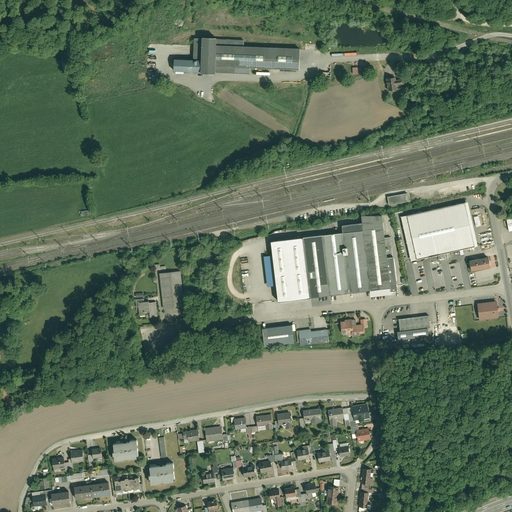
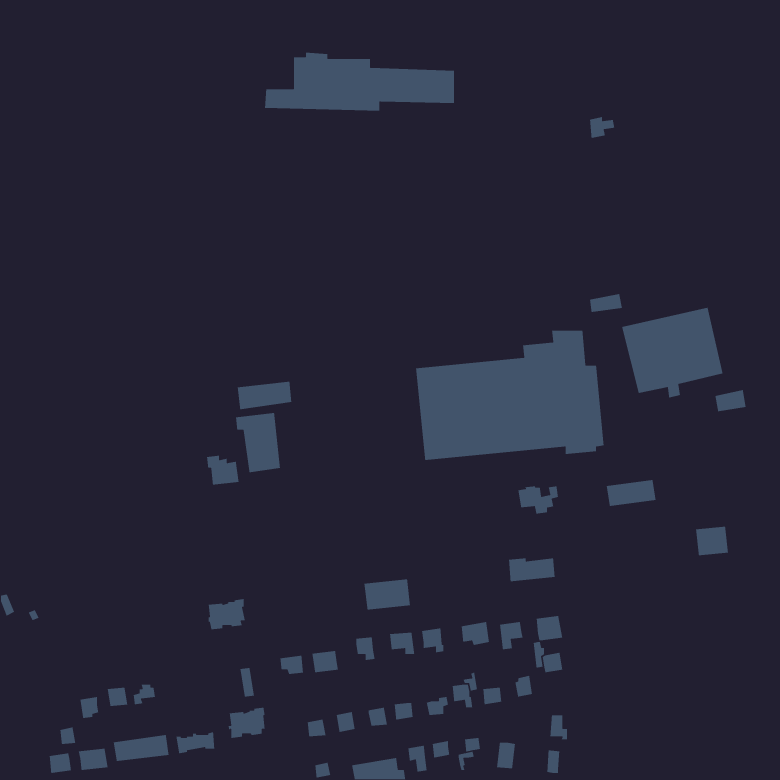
building: none -> [237,381,292,410]
building: [476,300,498,320] -> [695,526,729,556]
building: [263,327,294,348] -> [364,579,411,611]
building: [298,331,329,347] -> [508,558,555,582]
building: [113,441,138,462] -> [208,598,246,630]

